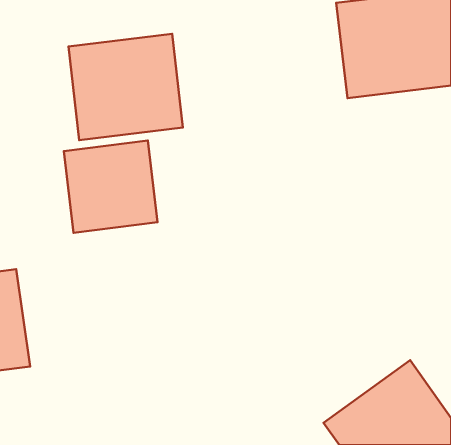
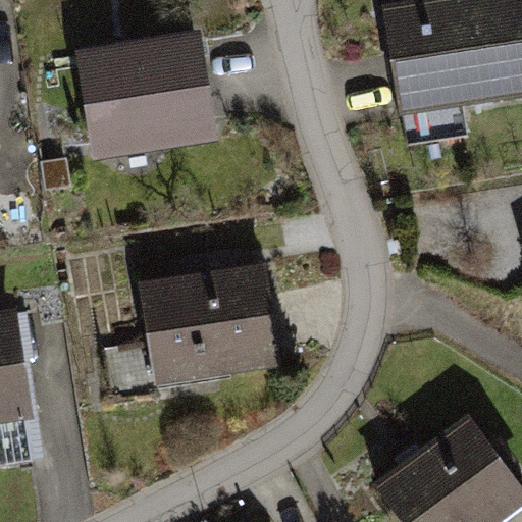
building: [64,141,158,233] -> none
building: none -> [142,261,281,386]

